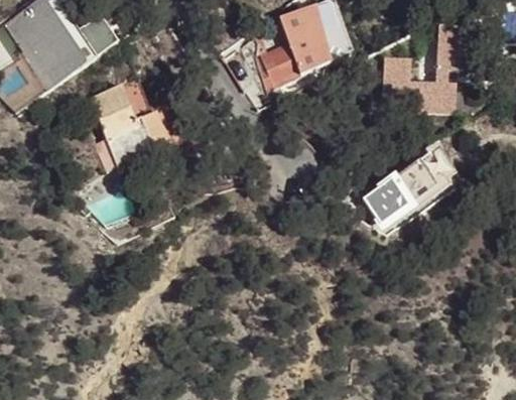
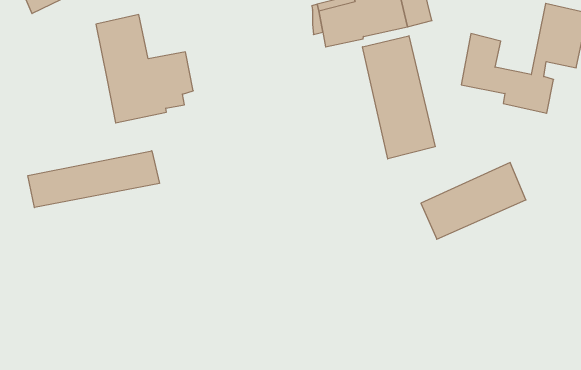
building: none -> [363,36,435,159]
building: none -> [28,151,159,208]

